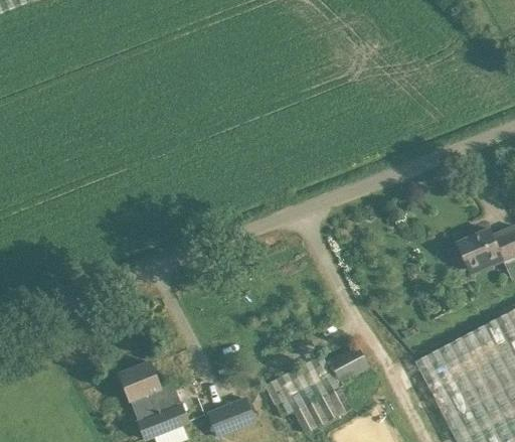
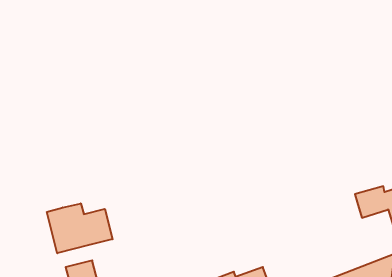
building: none -> [47,203,113,253]

